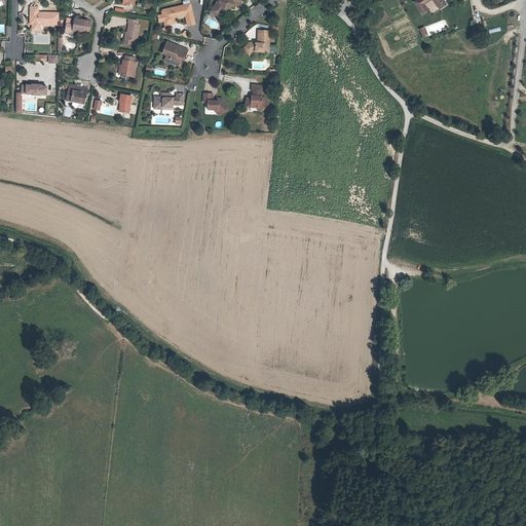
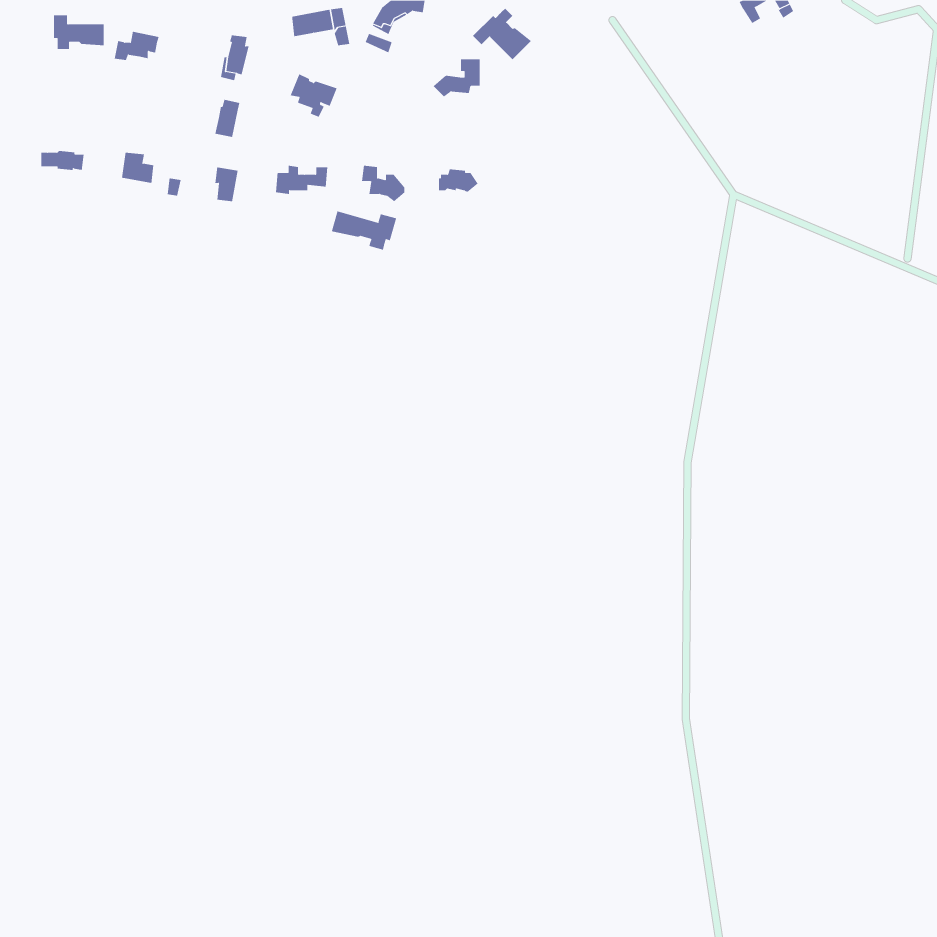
building: none -> [472,8,532,60]
building: none -> [331,211,397,251]

